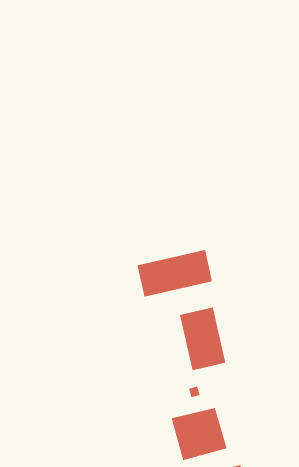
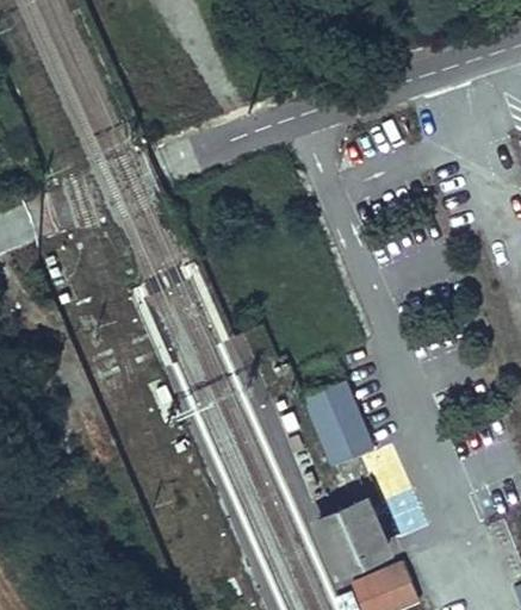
building: [137,249,213,297] -> none

